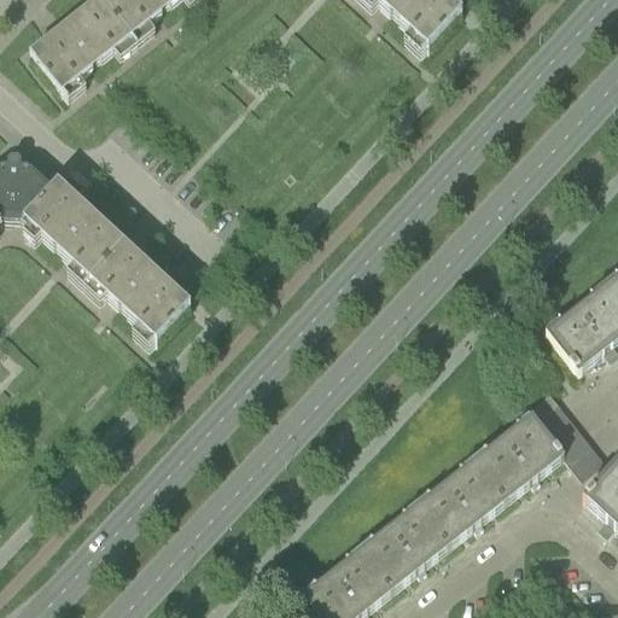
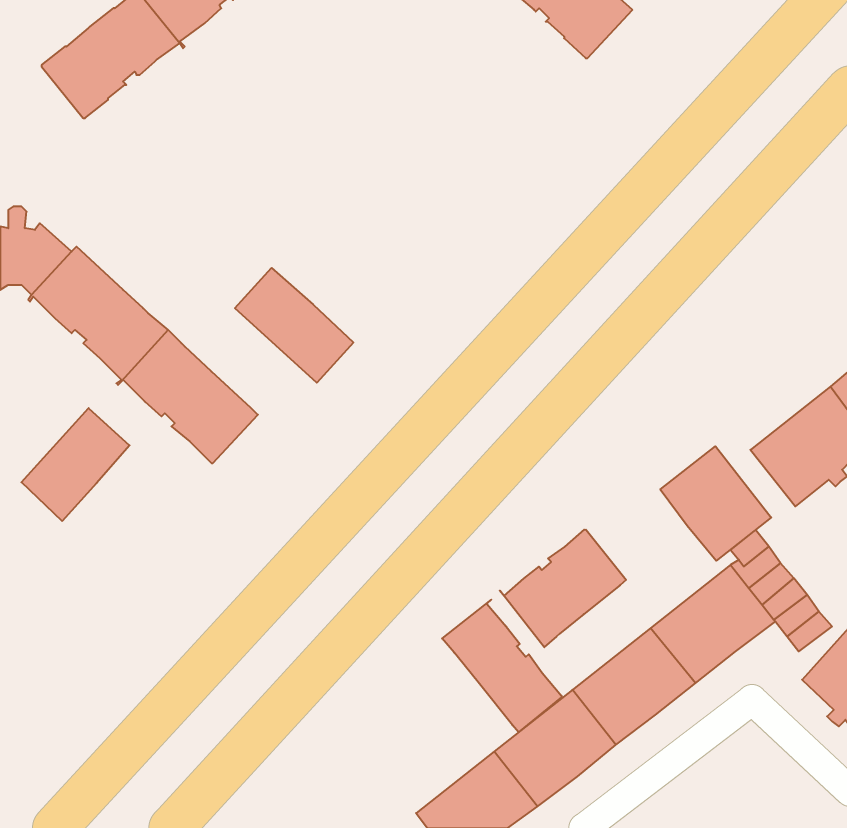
building: none -> [235,268,353,383]
building: none -> [21,408,130,521]
building: none -> [660,446,771,561]
building: none -> [500,530,626,647]
building: none -> [442,600,562,732]

